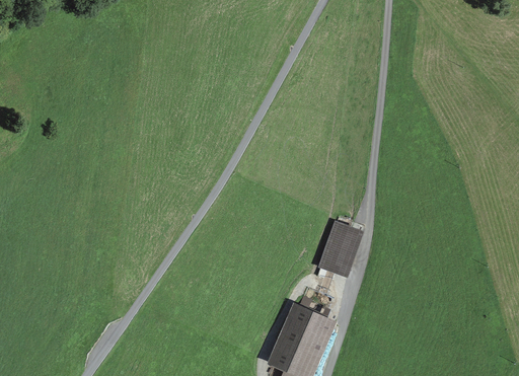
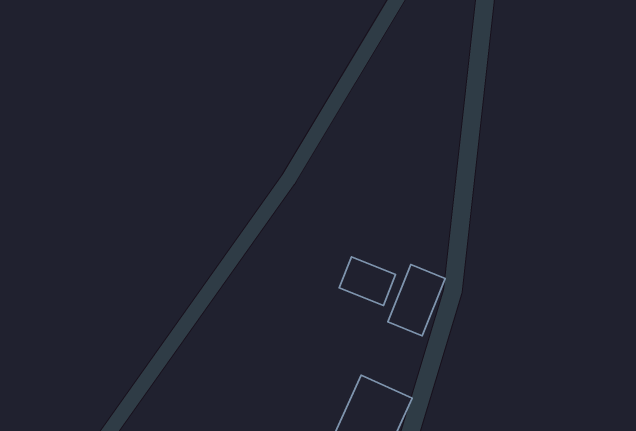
building: none -> [339,257,396,306]

